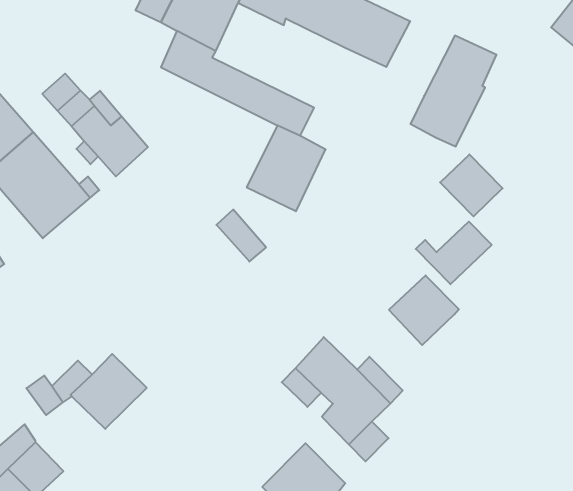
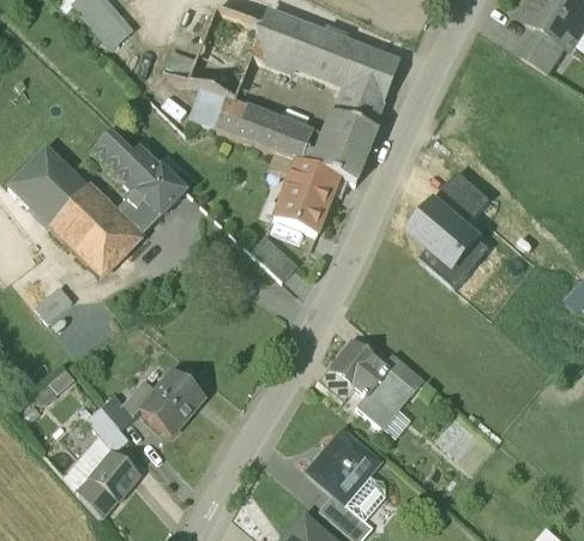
building: [410,36,497,146] -> [315,88,384,182]
building: [389,275,459,345] -> [410,196,470,256]
building: none -> [86,404,130,450]

